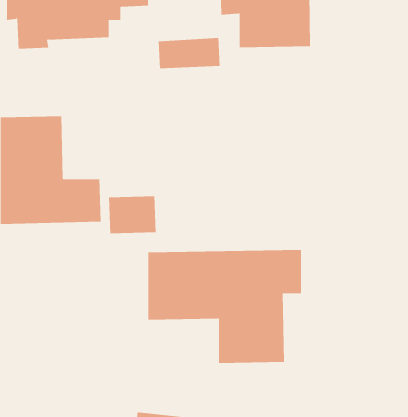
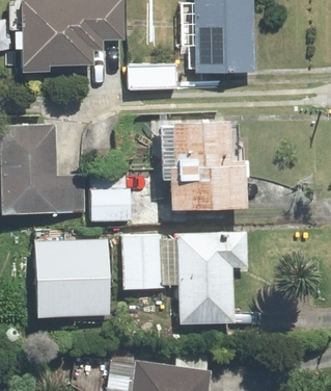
building: none -> [156,122,251,209]
building: none -> [32,240,111,316]

